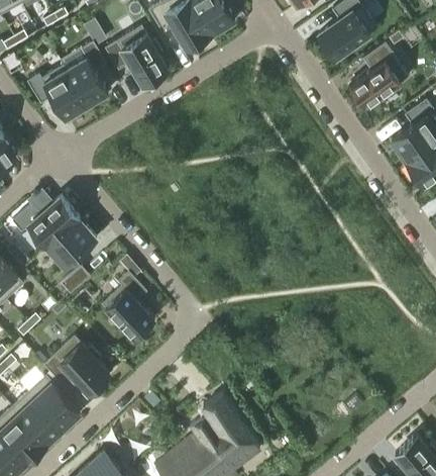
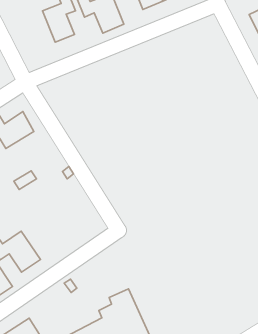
building: [27,69,87,118] -> none
building: [46,218,97,266] -> none
building: [106,272,155,338] -> none

